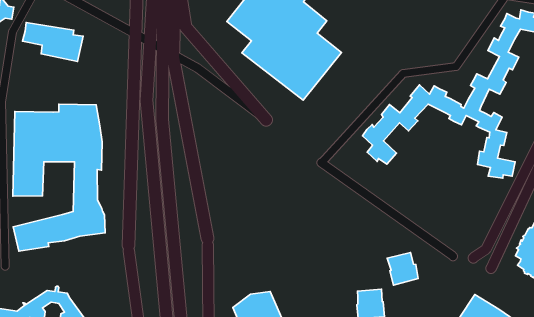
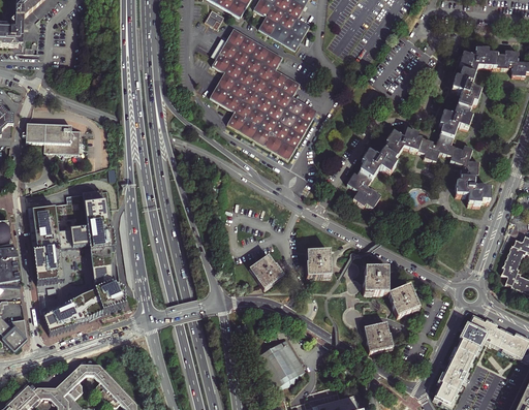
building: none -> [248,254,282,288]
building: none -> [305,250,330,277]
building: none -> [362,267,386,292]

